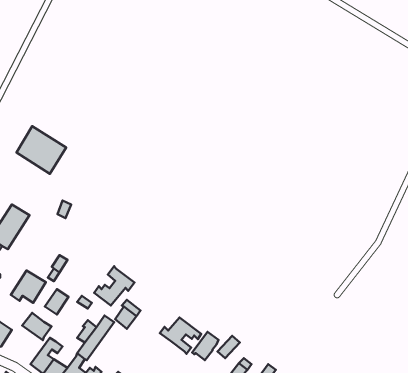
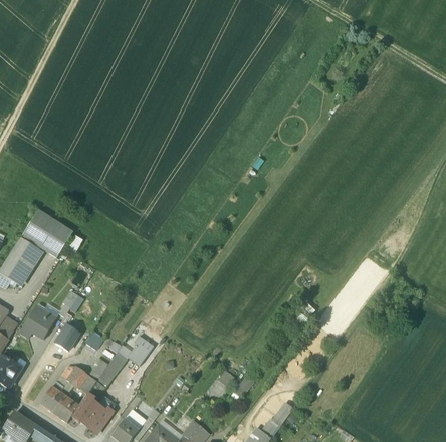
building: [17,126,66,174] -> [22,208,73,257]
building: [94,266,134,306] -> none
building: [22,313,52,340] -> [66,366,96,394]
building: [160,317,201,354] -> none

